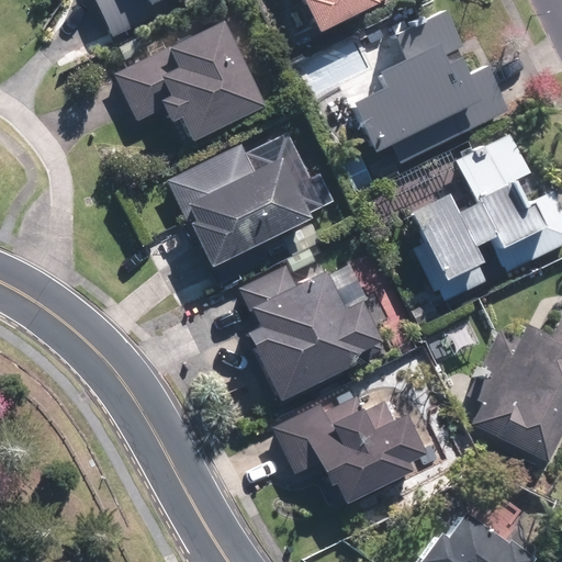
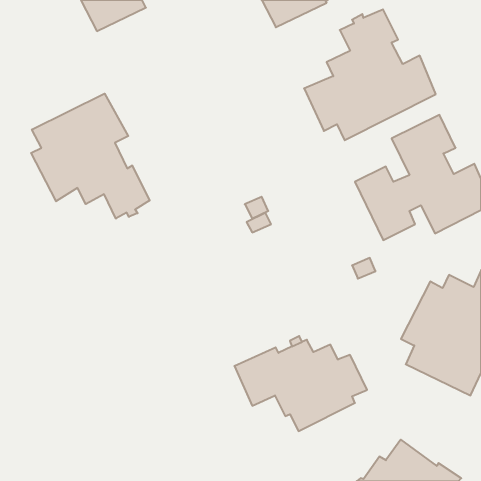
building: [115,21,266,140] -> none
building: none -> [31,94,150,219]
building: [182,158,313,285] -> none
building: [238,265,384,401] -> none

